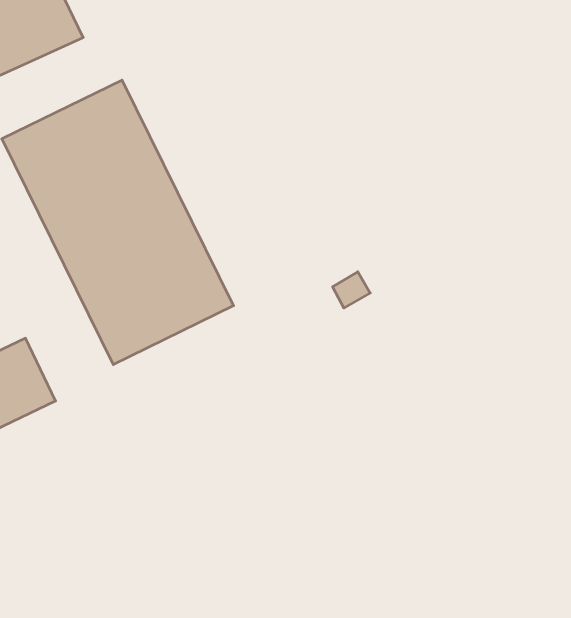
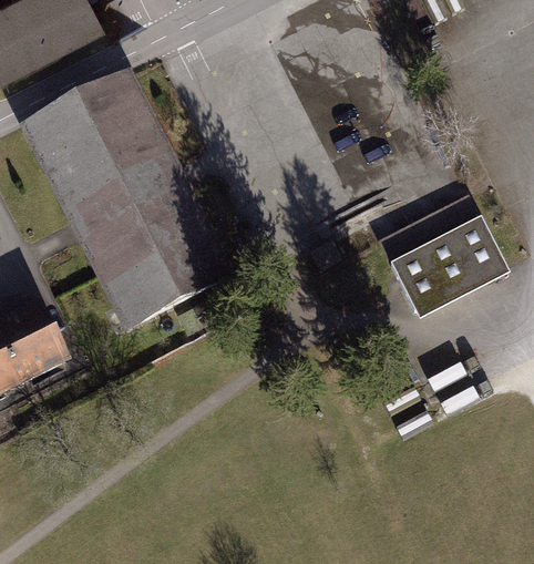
building: none -> [386,201,515,325]

